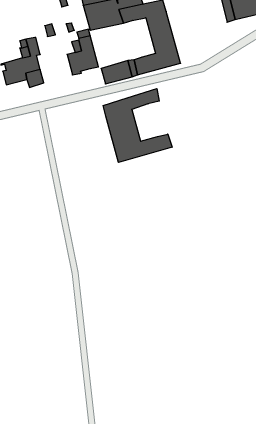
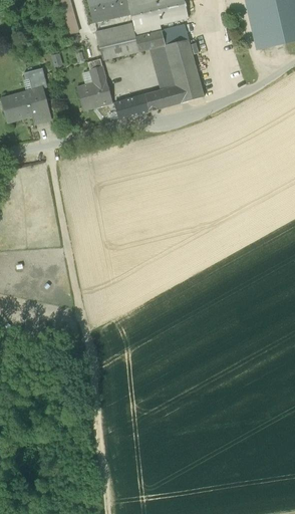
building: none -> [151,45,177,89]
building: [103,89,172,162] -> none

